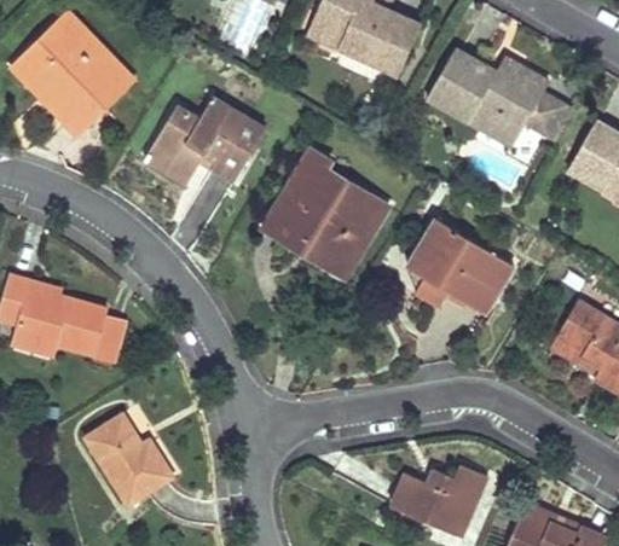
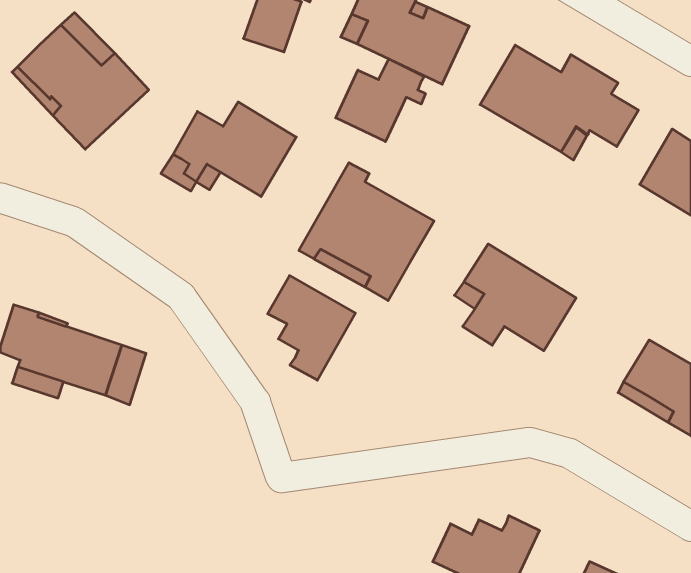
building: none -> [336,59,425,142]
building: none -> [268,276,355,380]
building: [85,417,168,506] -> none

